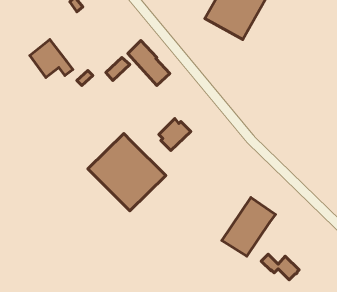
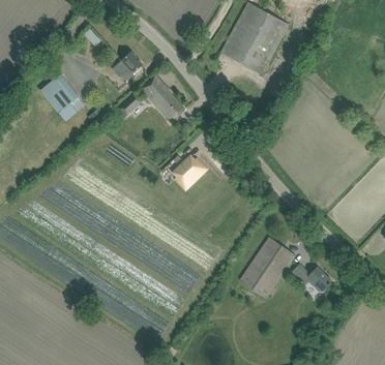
building: none -> [112,51,142,83]
building: [88,133,166,211] -> none
building: [261,254,299,280] -> [292,264,331,291]

